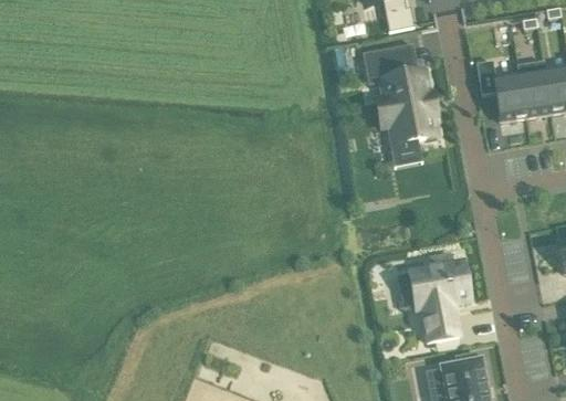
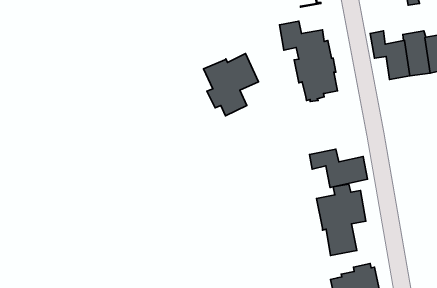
building: none -> [204,53,258,116]
building: none -> [309,149,368,188]

